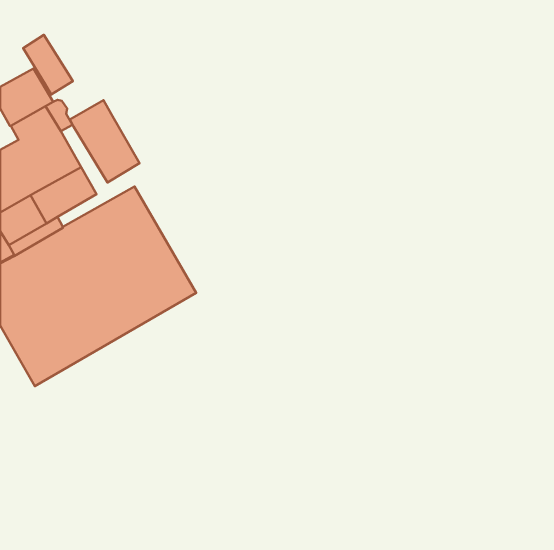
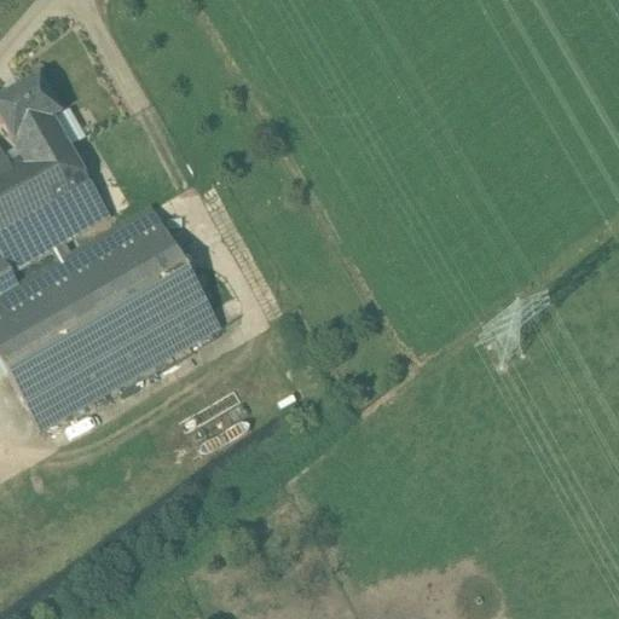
building: [23,35,73,95] -> none
building: [70,100,139,182] -> none

